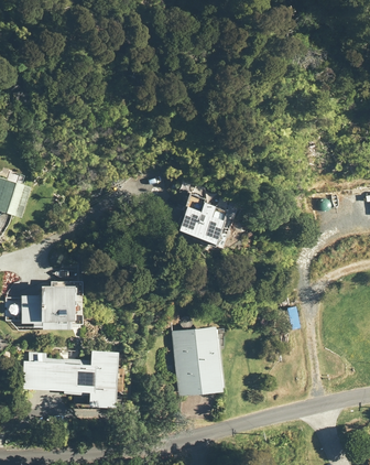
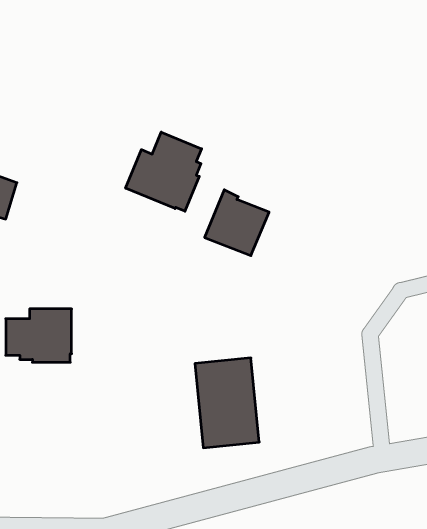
building: none -> [126,132,202,211]
building: [22,349,119,407] -> none

